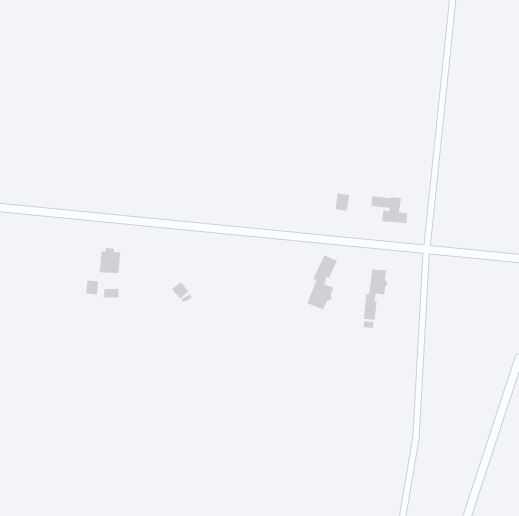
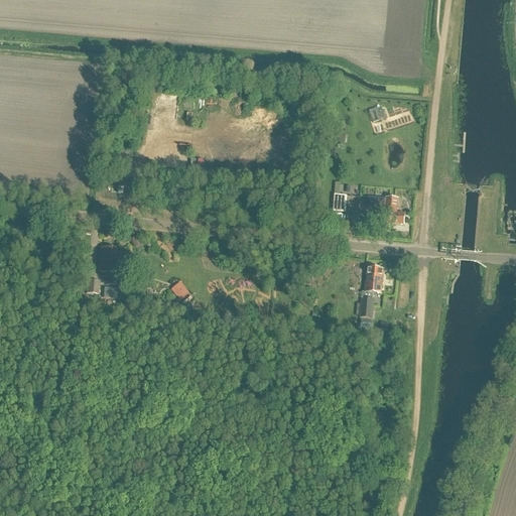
building: [306,255,338,311] -> none

